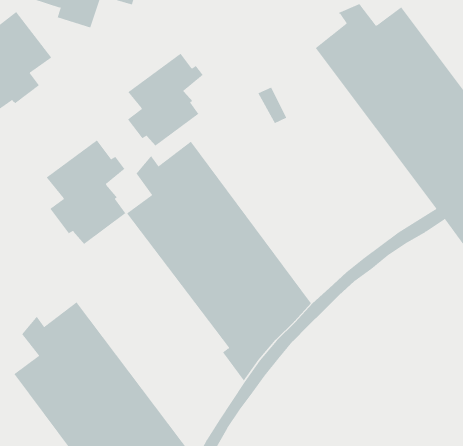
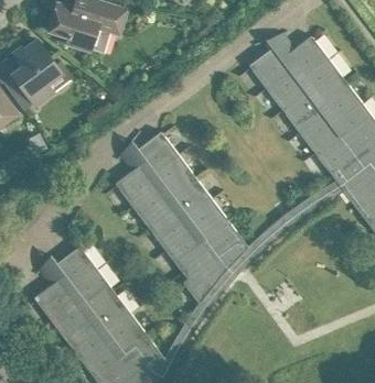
building: [127,53,204,147] -> none
building: [46,140,126,245] -> none

